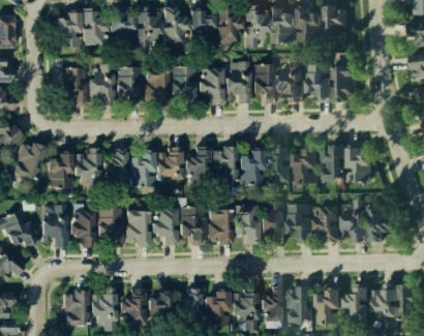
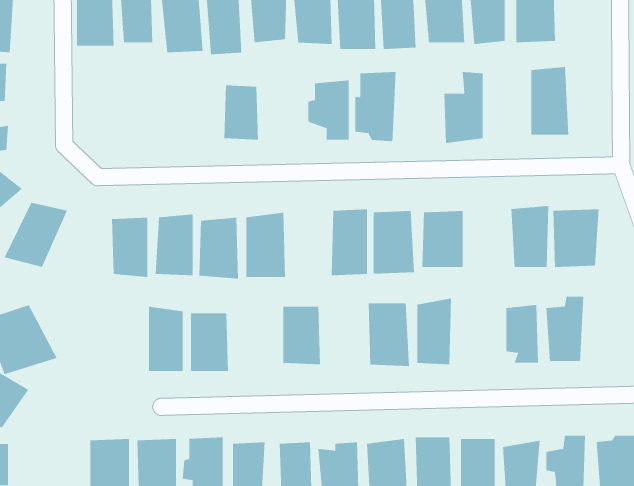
building: [308,60,330,101] -> none
building: [254,63,277,104] -> none
building: [171,65,194,100] -> none
building: [60,66,85,104] -> none
building: [91,67,113,102] -> none
building: [118,67,140,100] -> none
building: [185,147,207,188] -> none
building: [296,147,321,183] -> none
building: [49,153,72,191] -> none
building: [290,203,313,241] -> none
building: [368,203,393,240] -> none
building: [44,204,67,244] -> none
building: [151,208,176,244] -> none
building: [207,208,230,245] -> none
building: [73,210,93,245] -> none

